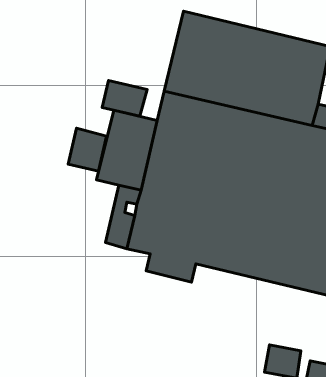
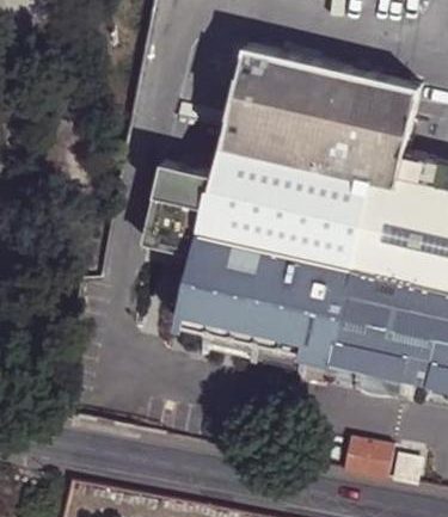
building: [102,81,147,116] -> none
building: [68,128,107,171] -> none

